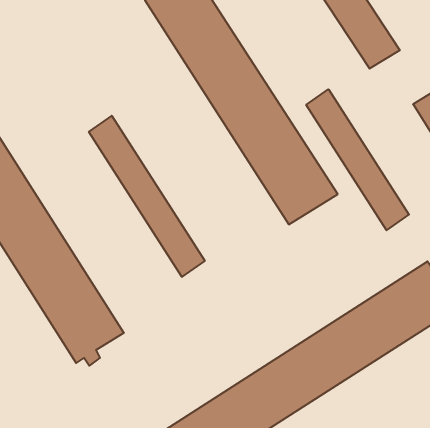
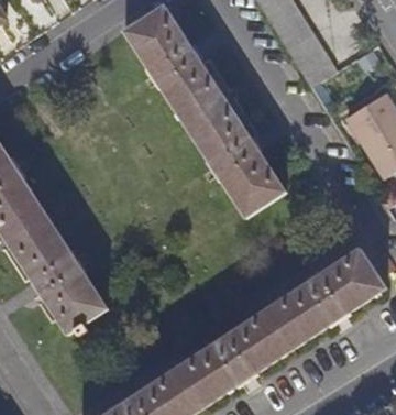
building: [306,89,409,230] -> none
building: [89,116,205,277] -> none

